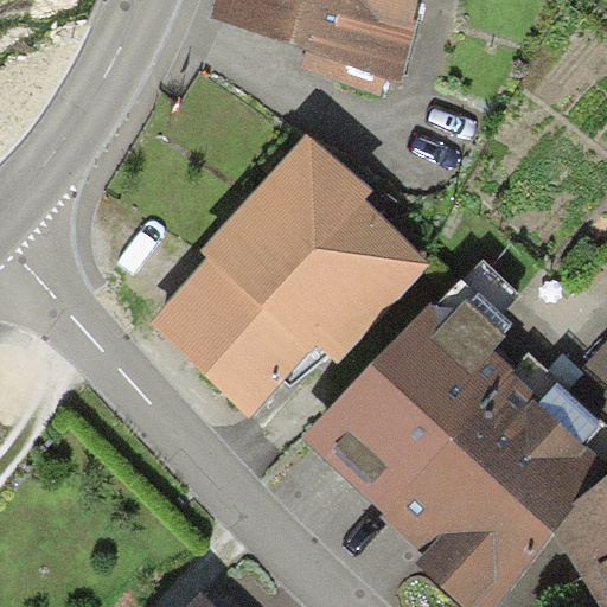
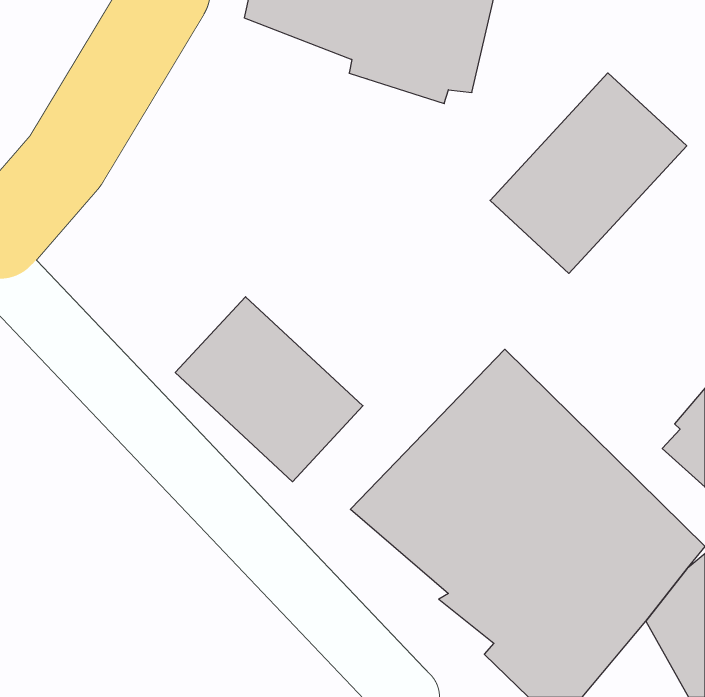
building: none -> [490,73,687,273]
building: [203,132,432,360] -> none

